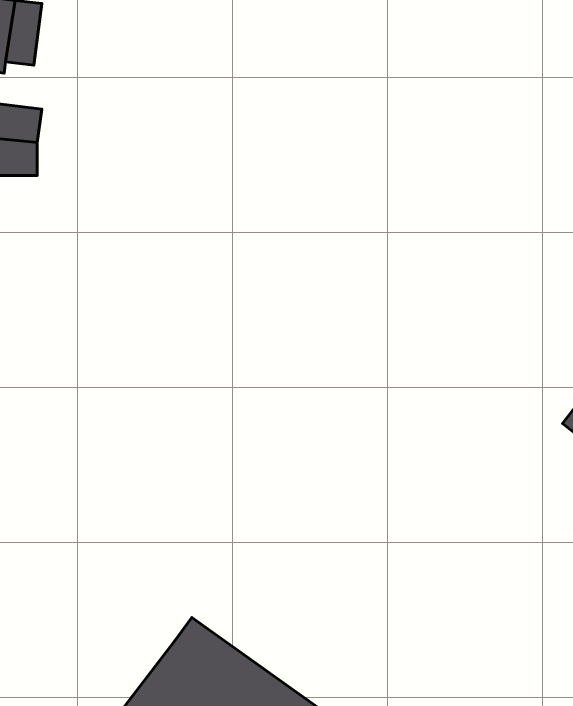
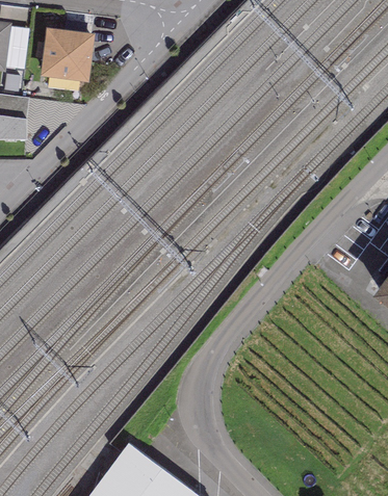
building: none -> [41,28,94,82]

